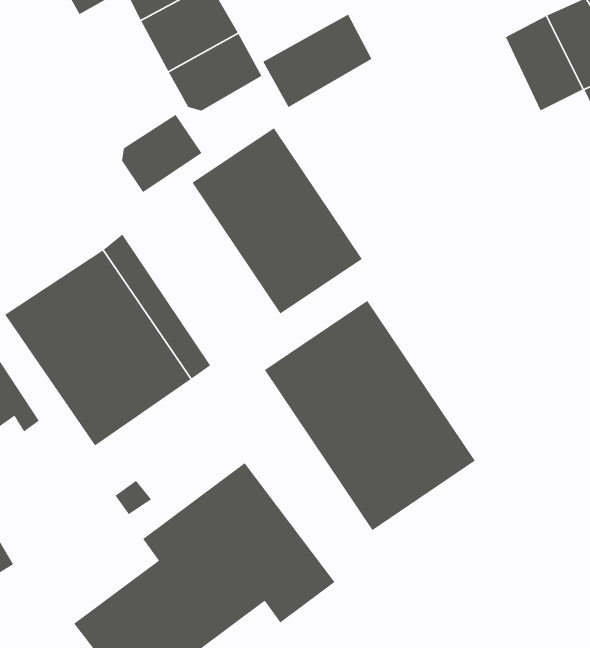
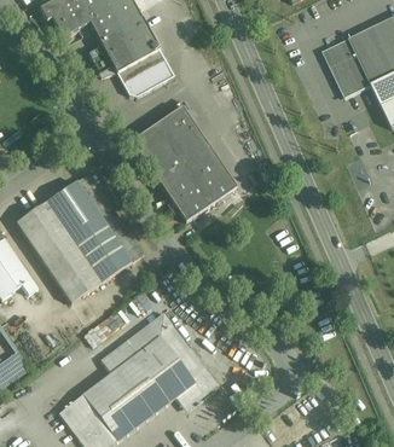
building: [262,14,372,108] -> none
building: [121,114,203,193] -> none
building: [264,300,476,531] -> none

